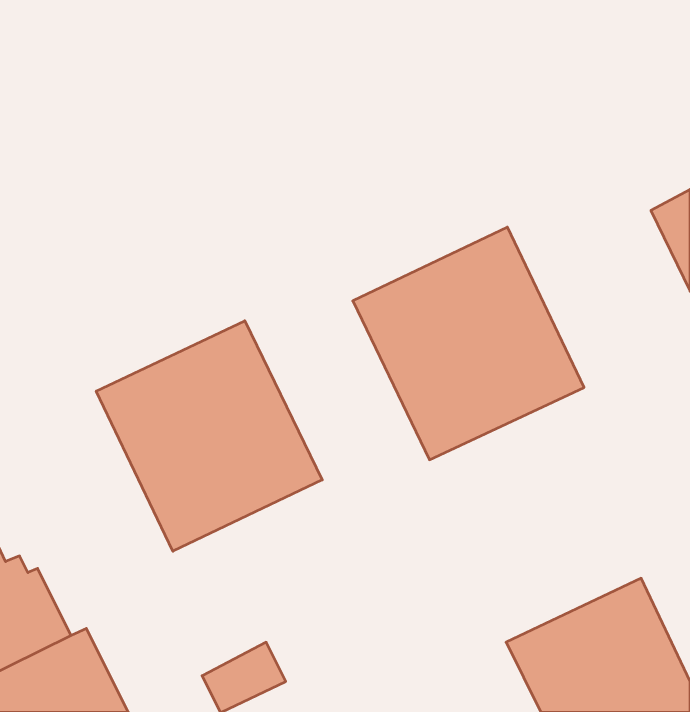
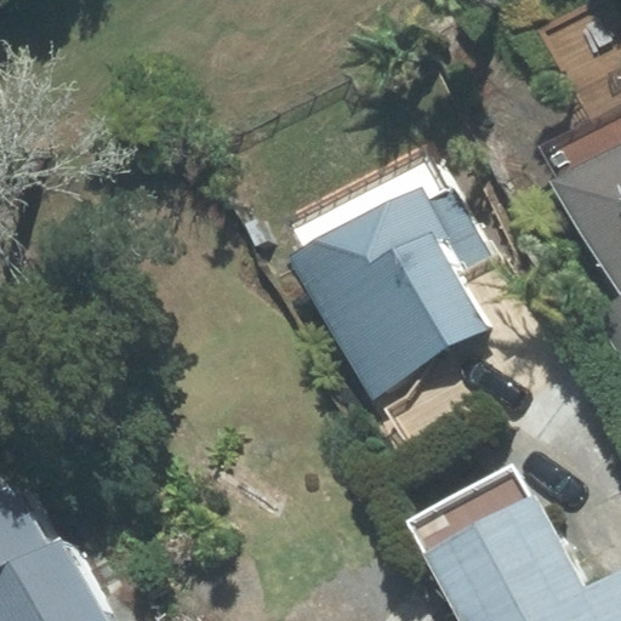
building: [96,321,322,551] -> none

